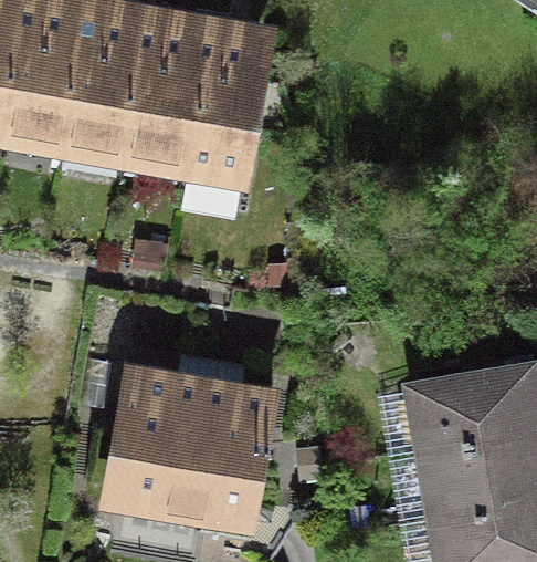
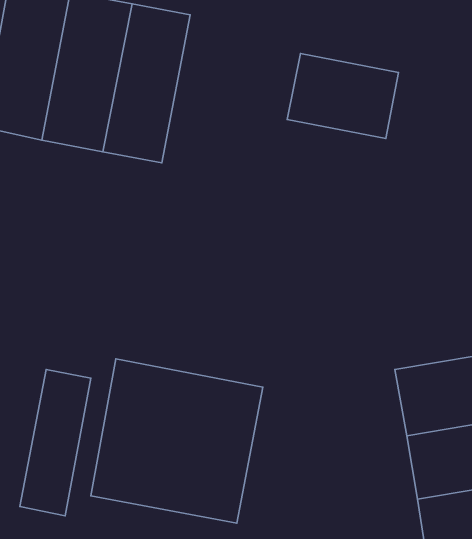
building: [172,19,273,184] -> none
building: none -> [287,54,398,138]
building: none -> [20,369,91,516]

